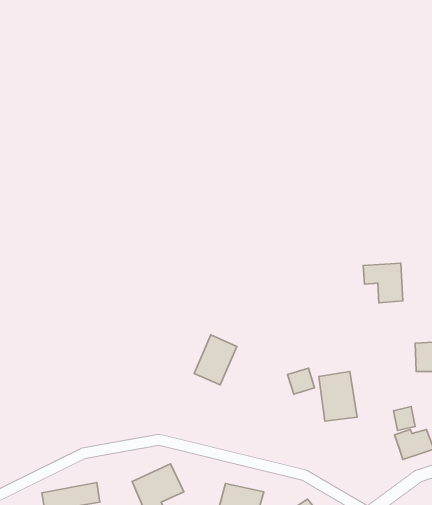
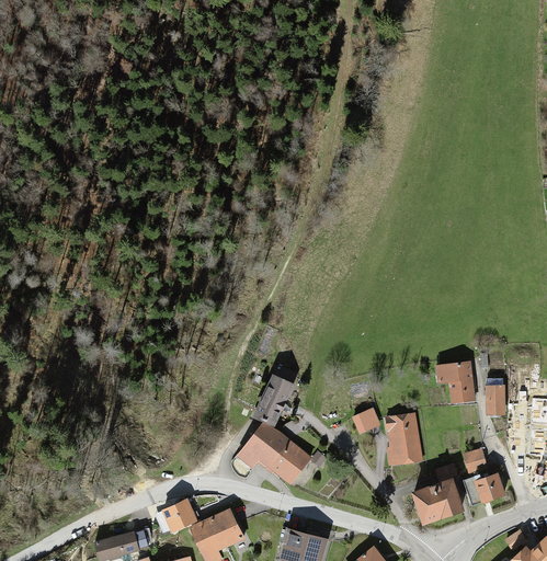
building: [363,263,403,303] -> [433,362,475,403]
building: none -> [237,424,307,483]
building: none -> [414,463,469,524]
building: none -> [161,499,197,529]

